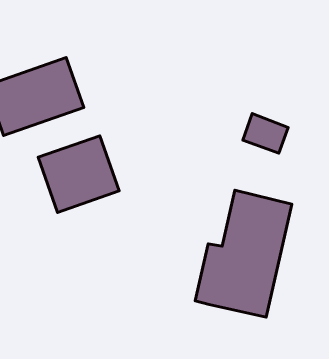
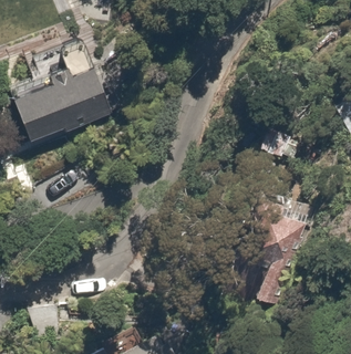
building: [38,136,119,212] -> none

